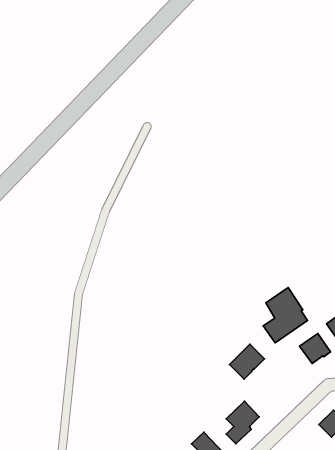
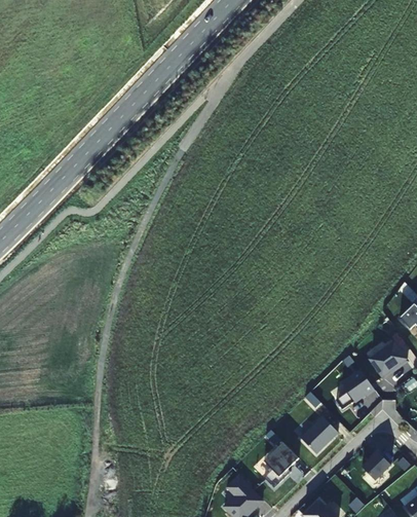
building: [263,287,308,343] -> none
building: [230,344,264,379] -> [301,416,338,453]

